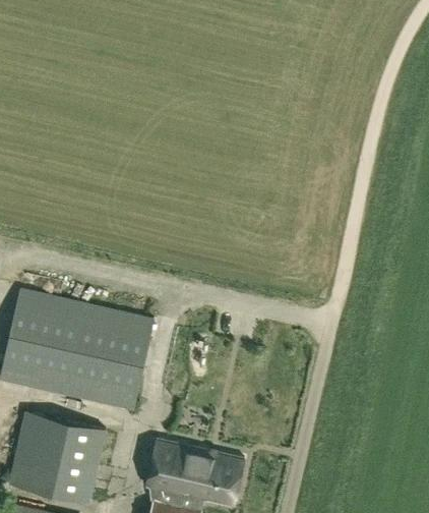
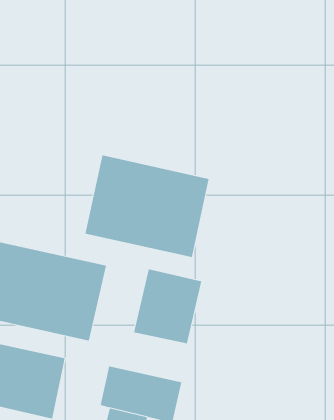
building: none -> [85,155,209,258]
building: none -> [133,269,202,344]

